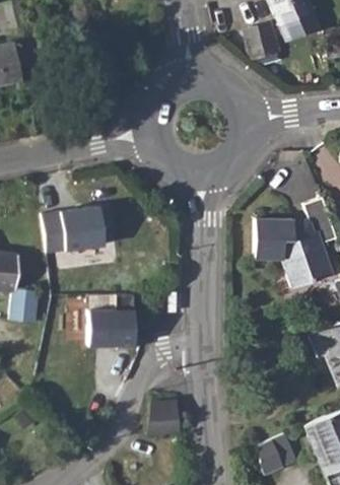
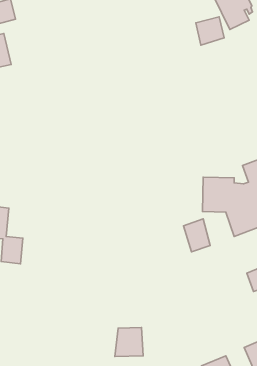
building: [42,206,107,255] -> none
building: none -> [183,219,210,252]
building: [90,292,137,347] -> none

